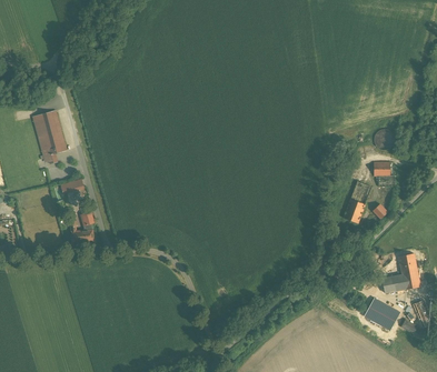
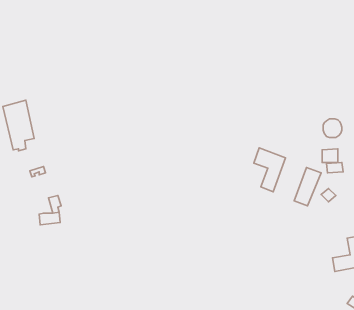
building: none -> [254,148,285,192]
building: [366,295,401,328] -> none

